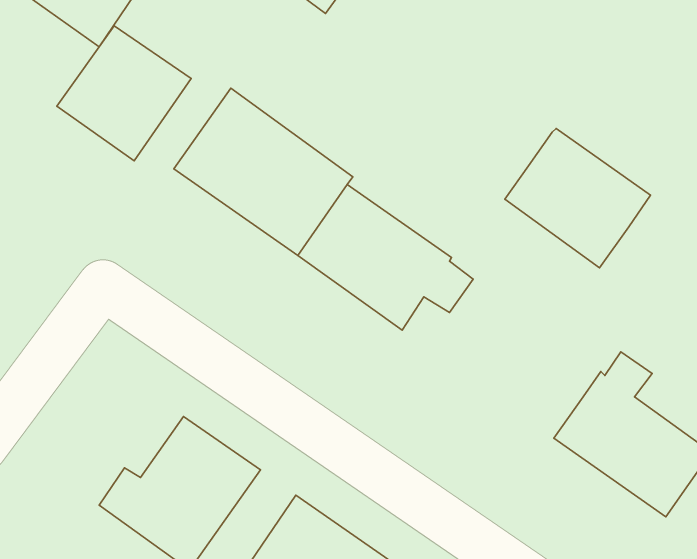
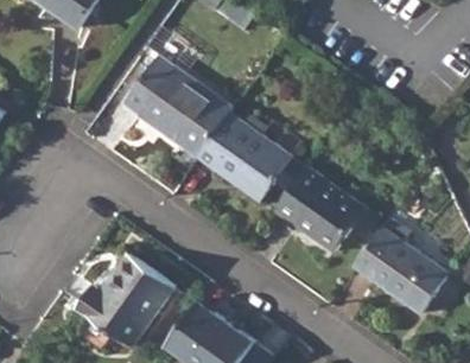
building: [57,26,191,161] -> none
building: [505,128,651,268] -> [277,170,364,254]

